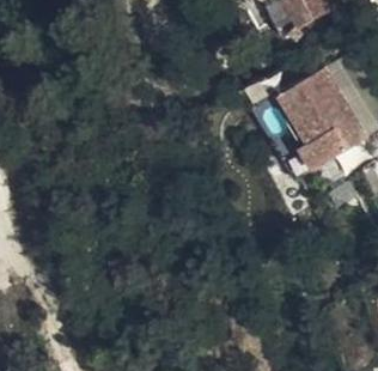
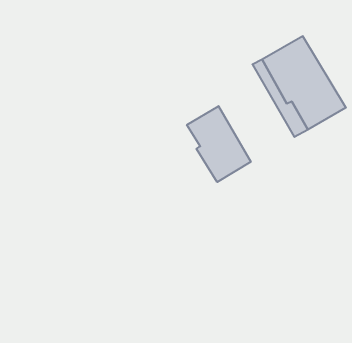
building: none -> [187,106,251,182]

